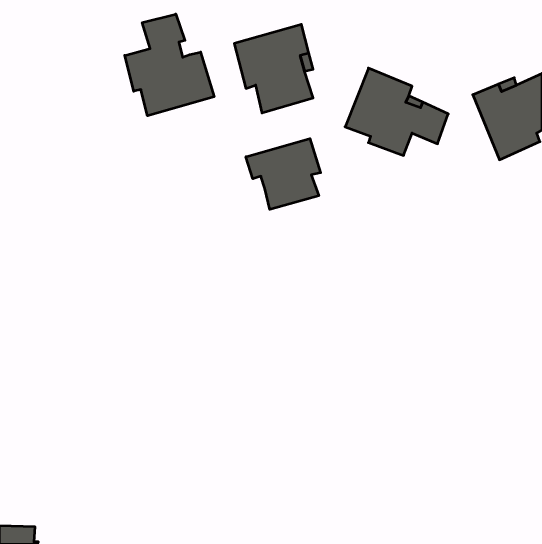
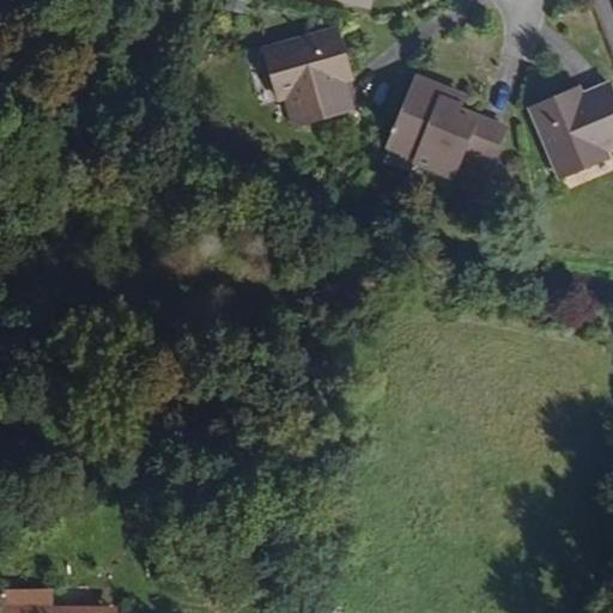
building: [125,14,214,116] -> none
building: [246,139,321,209] -> none

